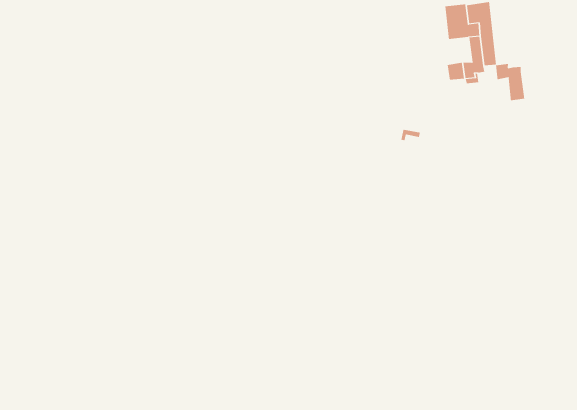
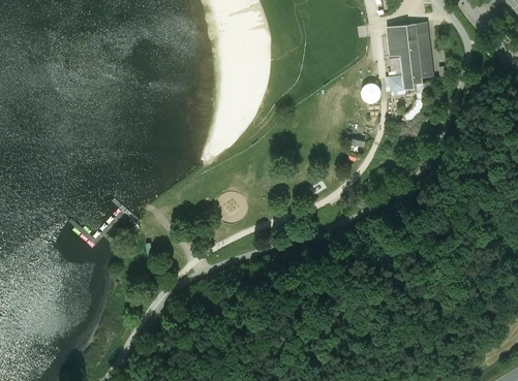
building: [496,63,525,101] -> none

